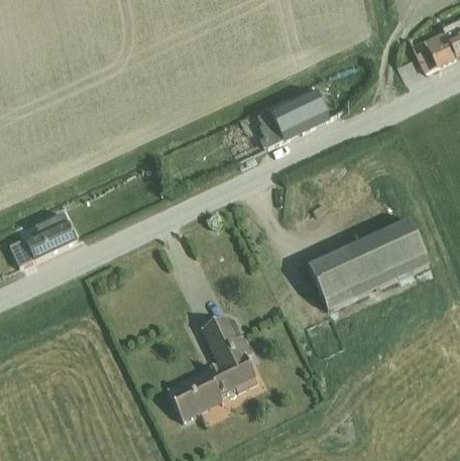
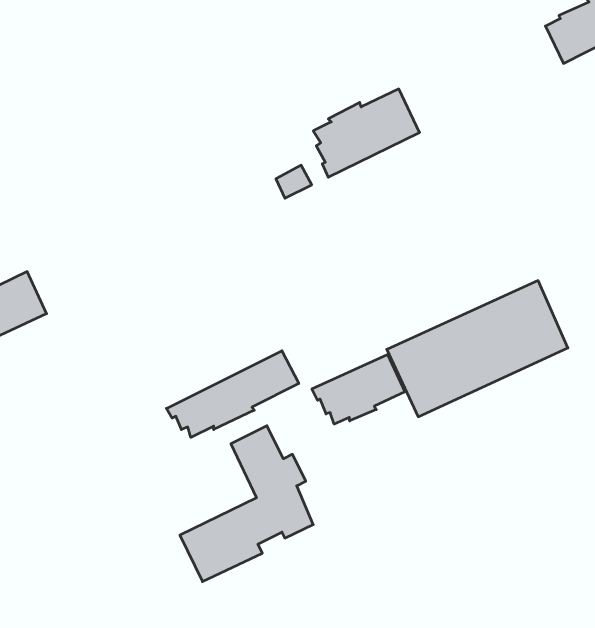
building: none -> [166,351,299,437]
building: none -> [312,355,405,424]

